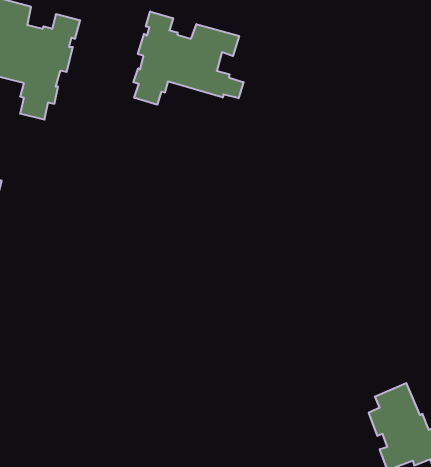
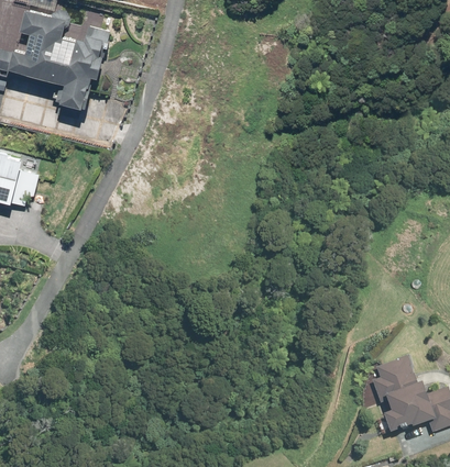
building: [133,11,244,105] -> none

